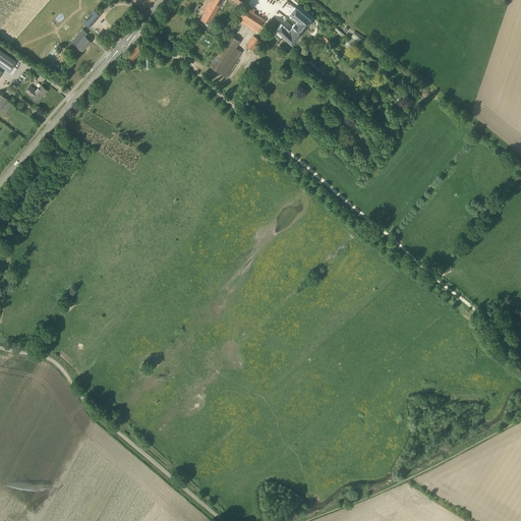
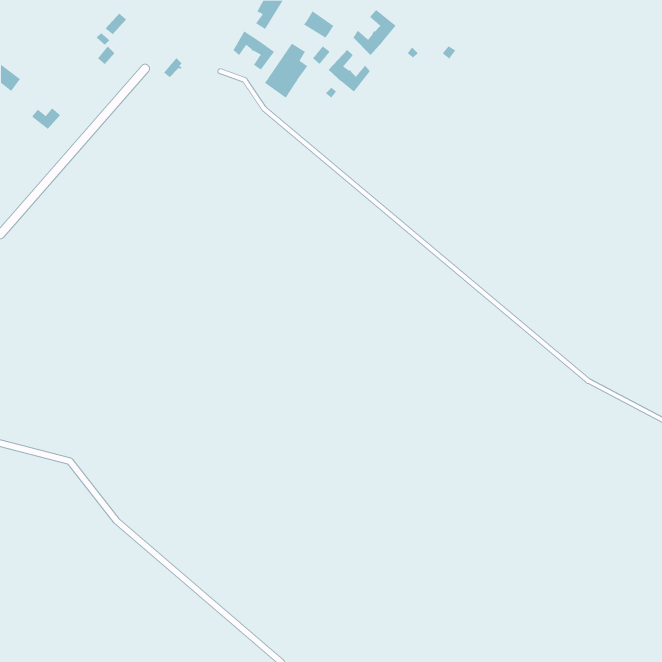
building: none -> [233,30,275,71]
building: none -> [328,49,371,93]

